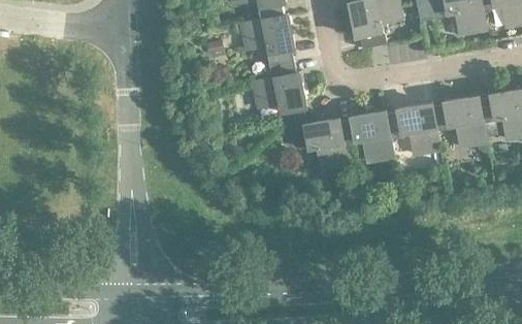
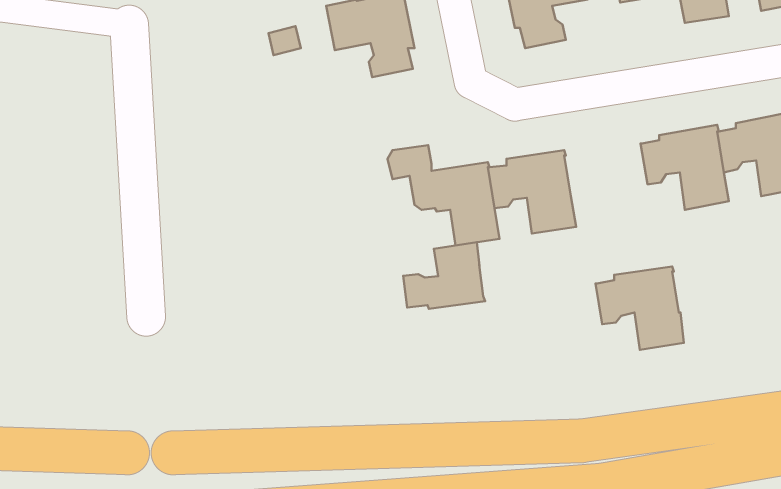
building: [253,61,306,110] -> none
building: [386,103,439,154] -> [596,266,684,350]
building: none -> [403,242,485,309]

